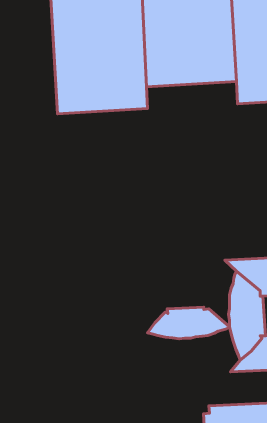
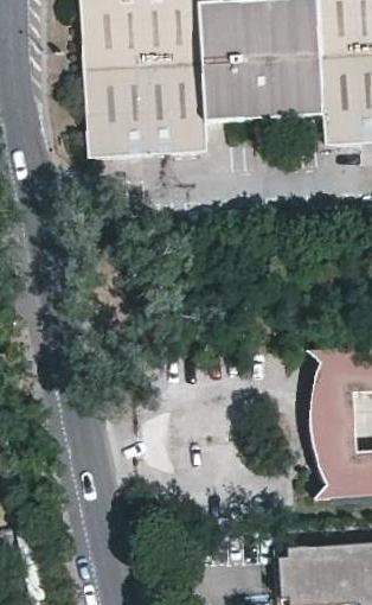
building: [148,307,229,339] -> none

